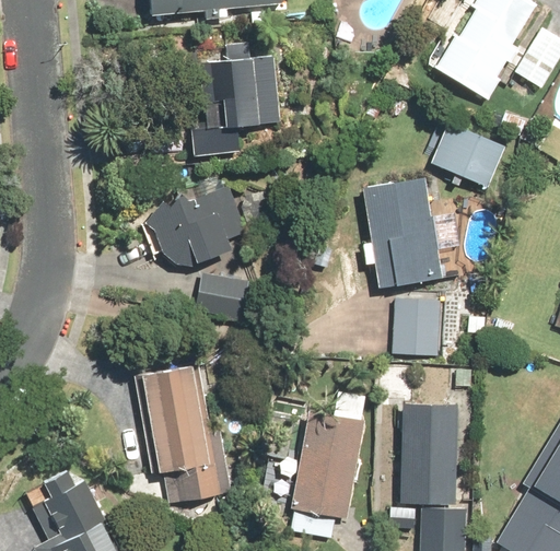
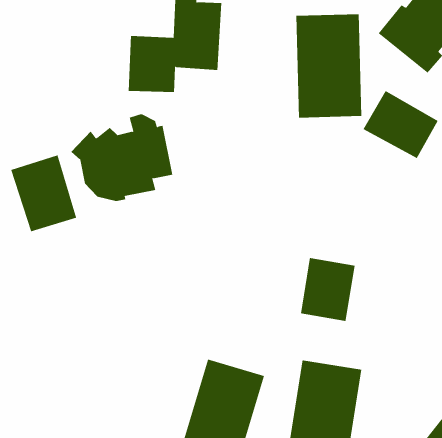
building: [361,177,440,289] -> [296,14,362,118]
building: none -> [11,154,77,232]
building: [194,272,250,320] -> none
building: [132,364,232,502] -> none

